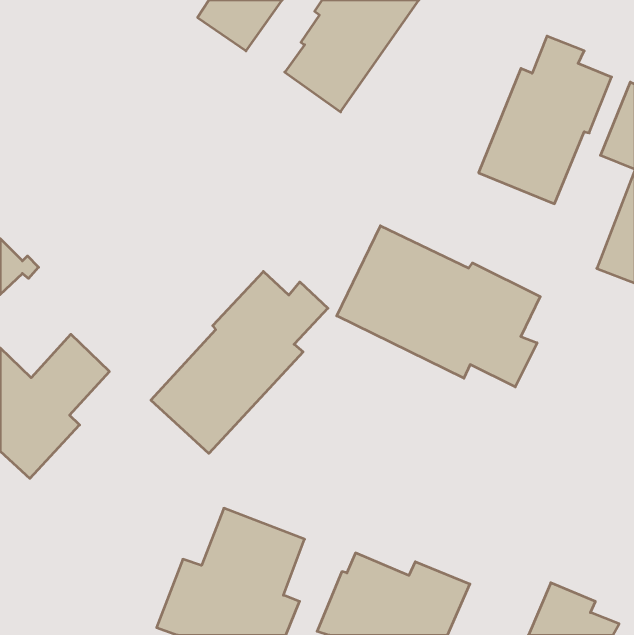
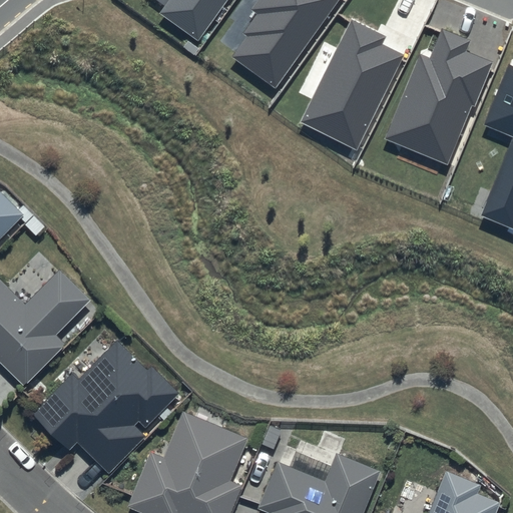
building: none -> [302,19,403,148]
building: [337,226,540,387] -> none
building: [151,271,328,453] -> none
building: none -> [31,340,178,472]

